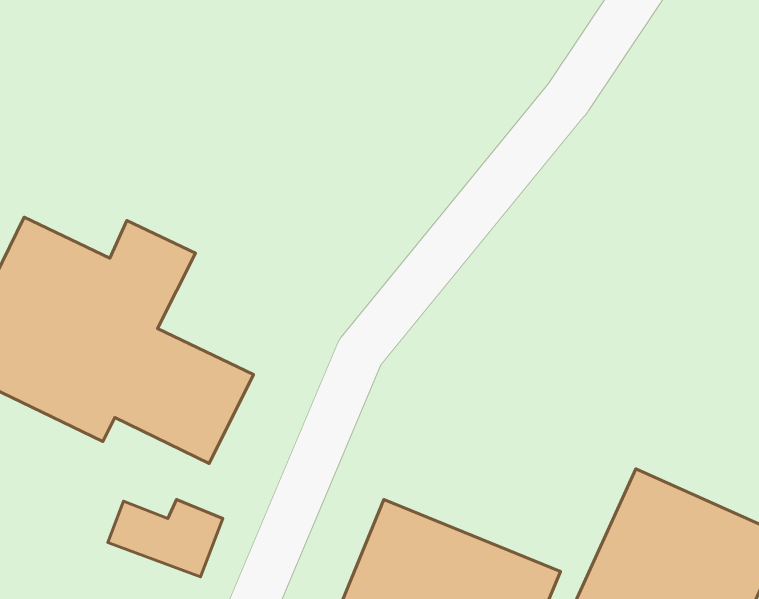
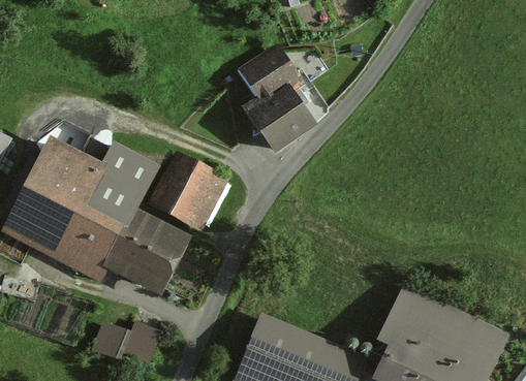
building: none -> [247,46,310,147]
building: none -> [152,155,225,228]

